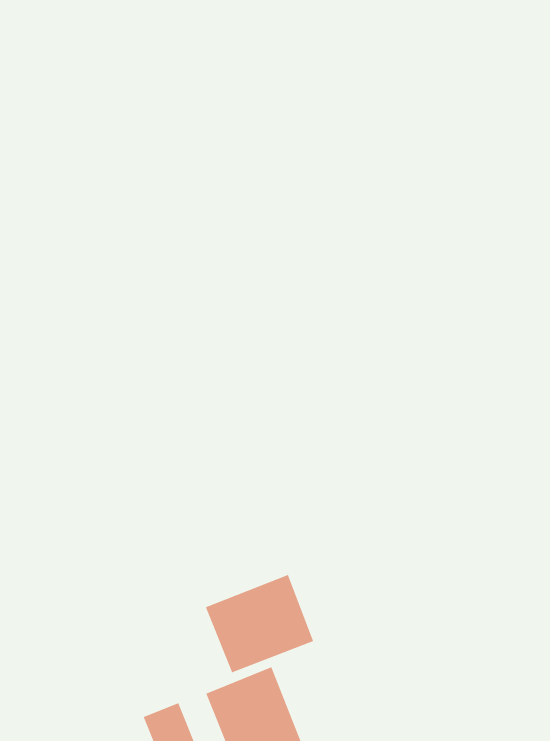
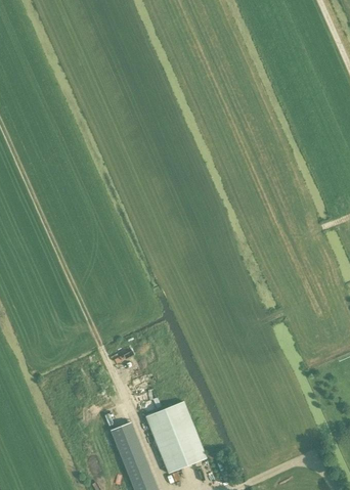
building: [205,574,314,673] -> none

